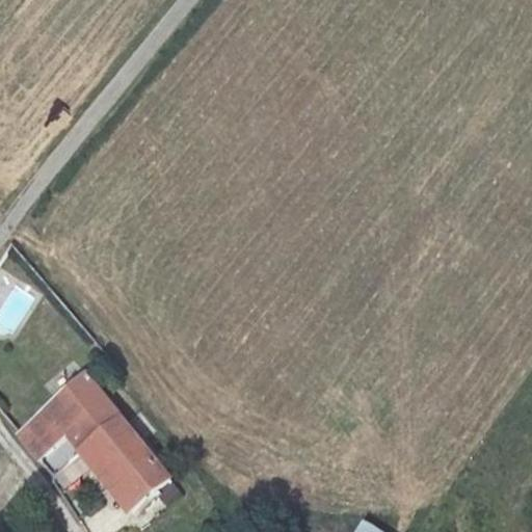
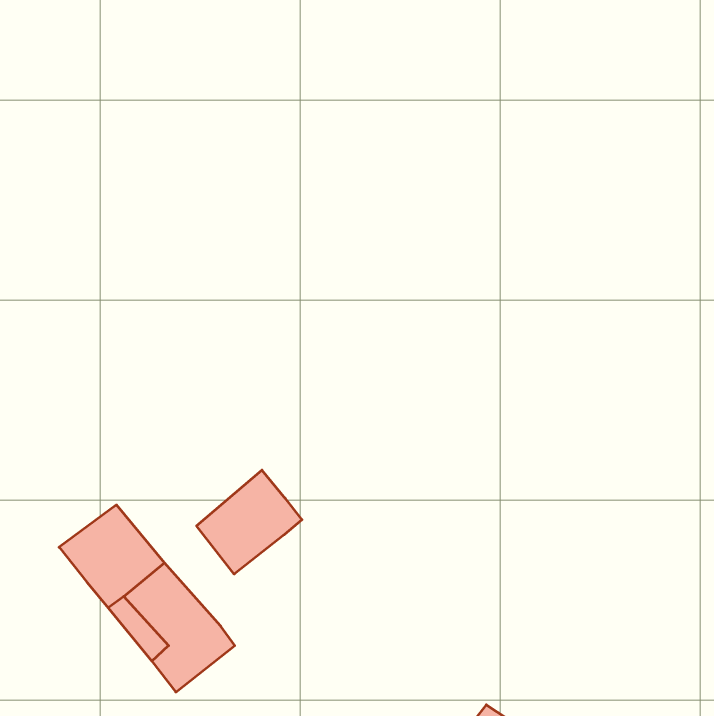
building: none -> [197,470,302,574]
building: [7,406,64,461] -> none

